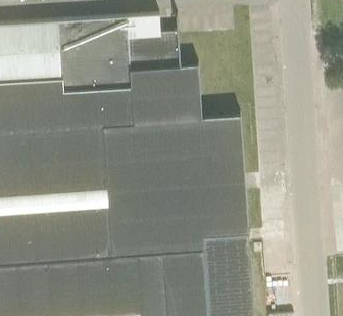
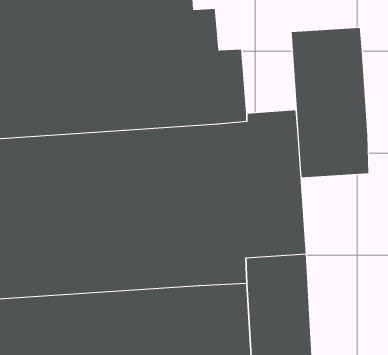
building: none -> [291,27,369,178]

